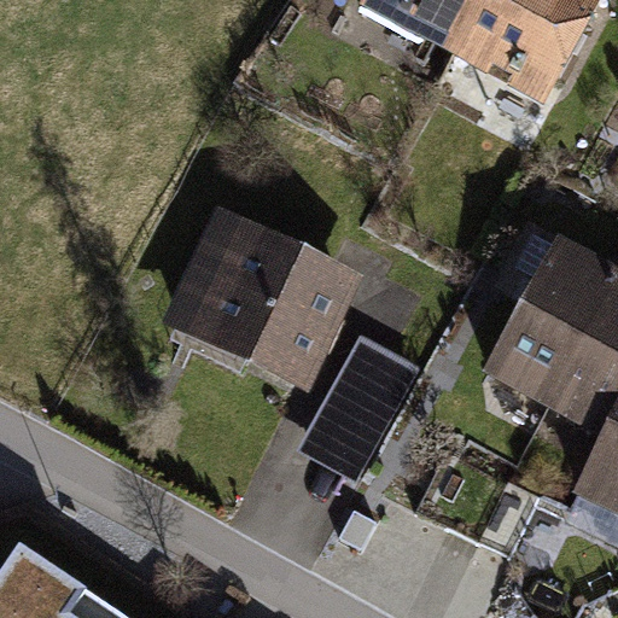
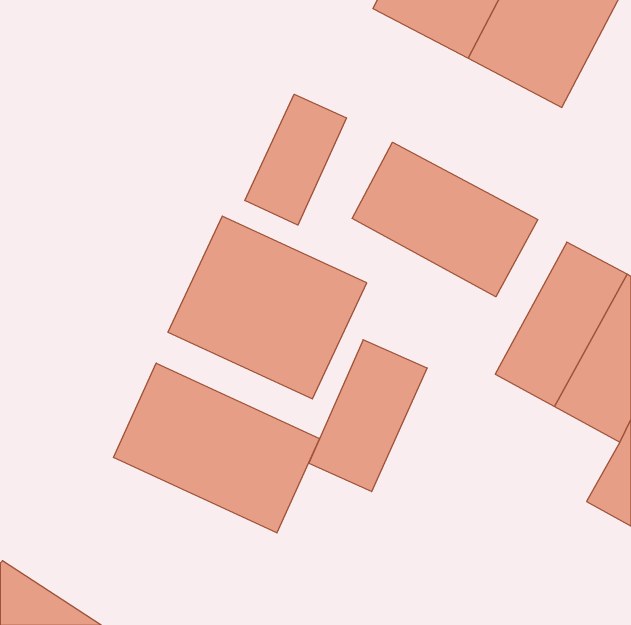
building: none -> [245,94,347,225]
building: none -> [352,142,538,297]
building: none -> [114,363,320,533]

